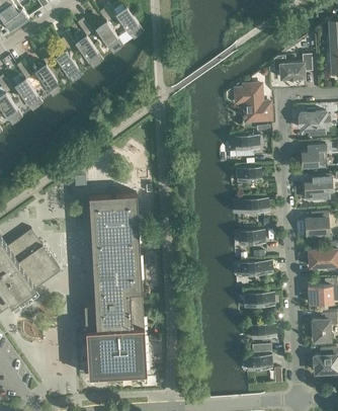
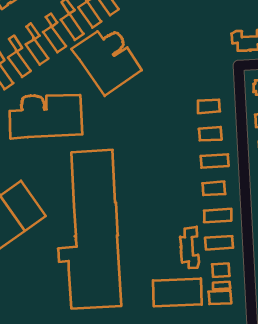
building: none -> [71,31,142,96]
building: [239,85,271,125] -> none
building: none -> [10,95,82,139]
building: none -> [180,227,199,268]
building: none -> [153,278,202,306]

